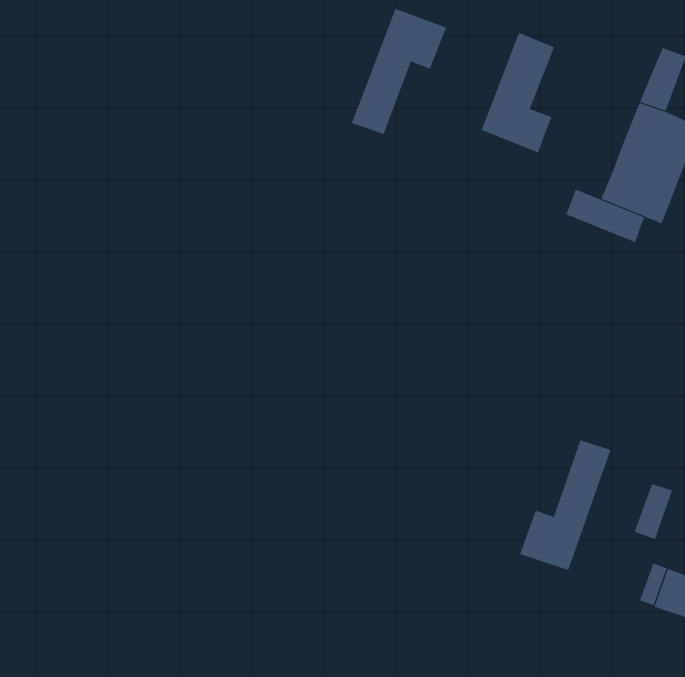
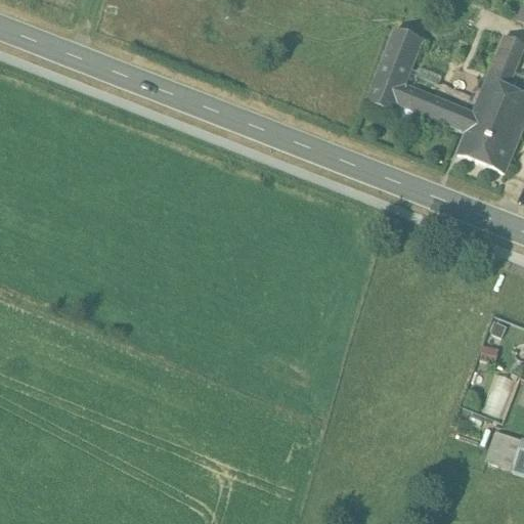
building: [351,8,447,135] -> none
building: [566,189,645,243] -> [414,89,475,130]
building: [520,440,611,571] -> none

